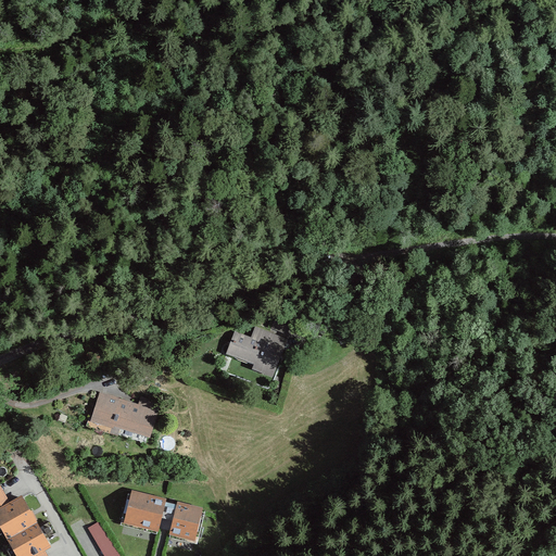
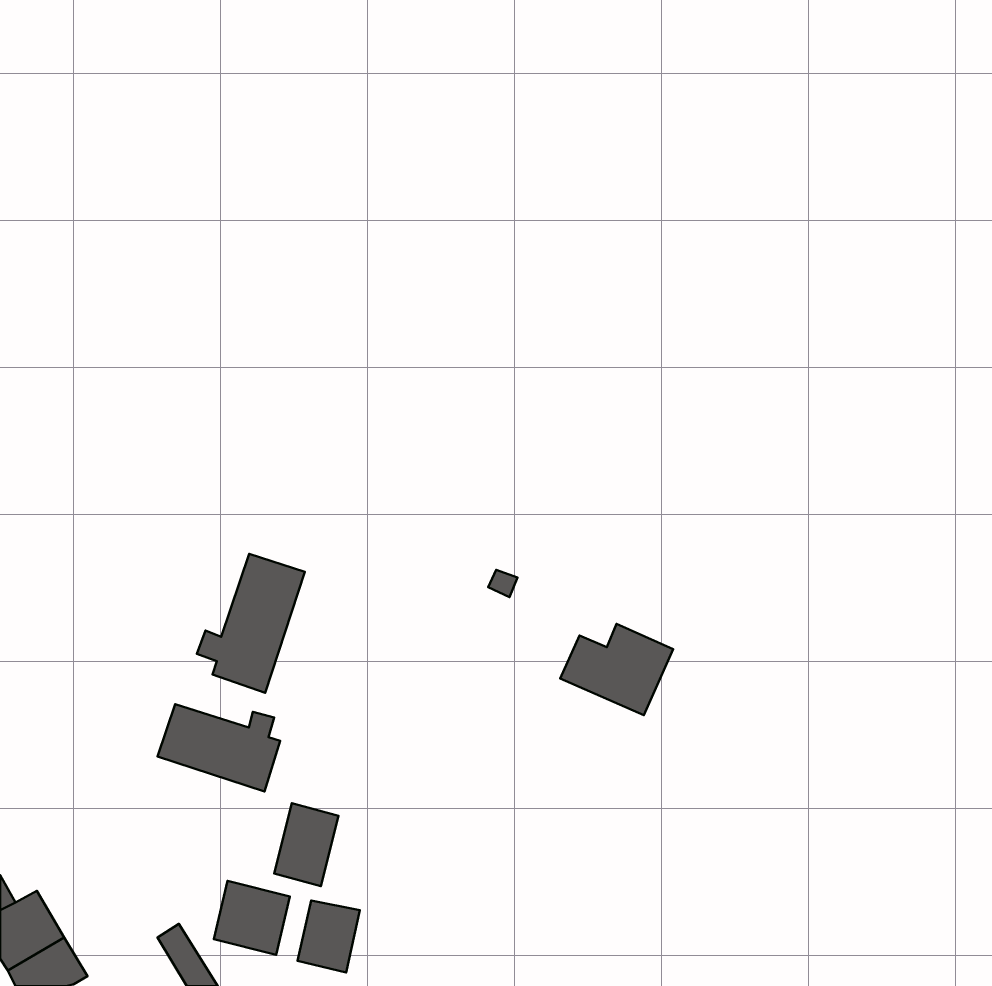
building: none -> [197,554,305,693]
building: [223,325,286,376] -> [560,624,673,715]
building: none -> [274,803,339,886]

